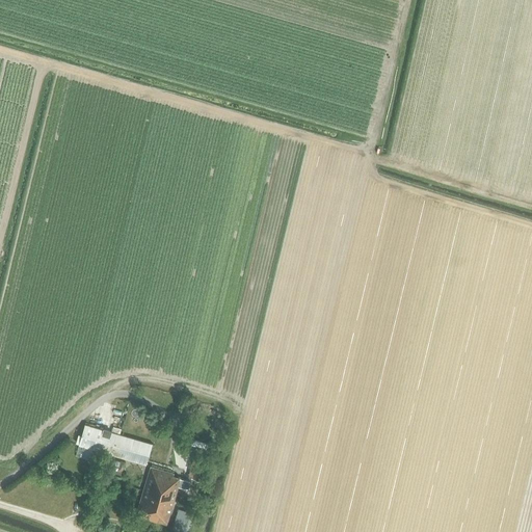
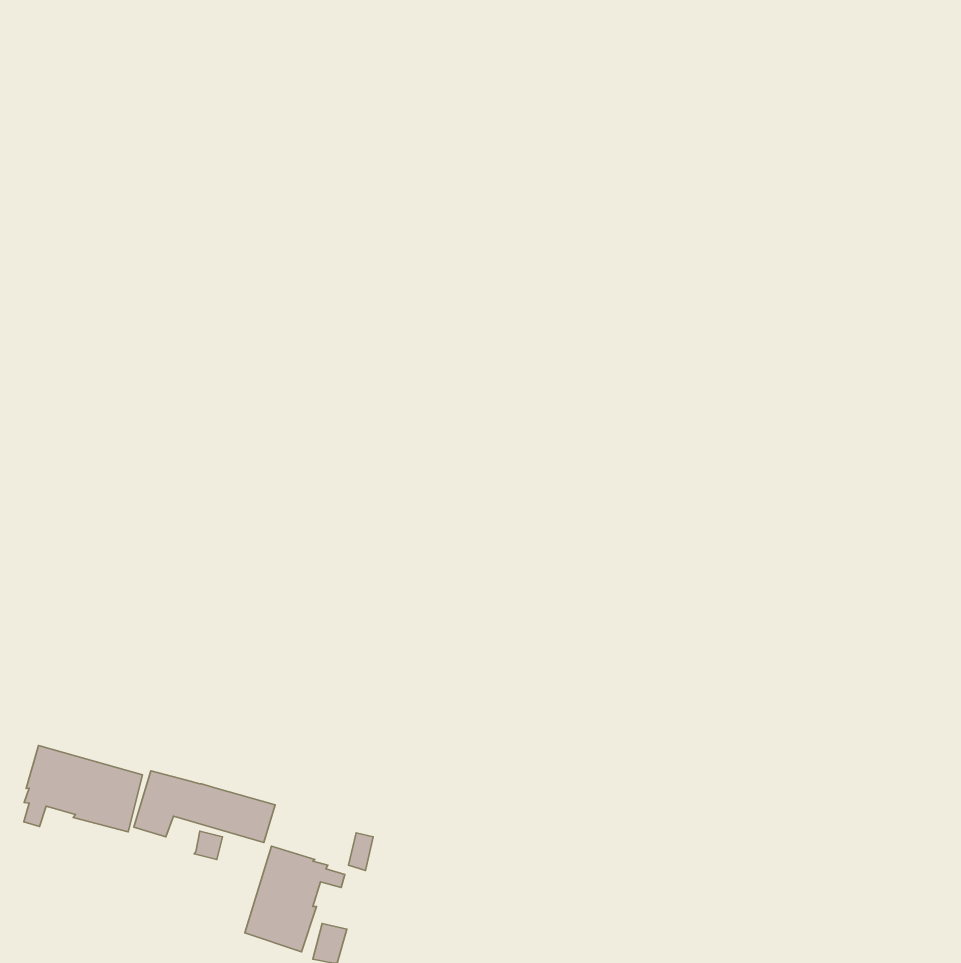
building: none -> [24,746,142,832]

